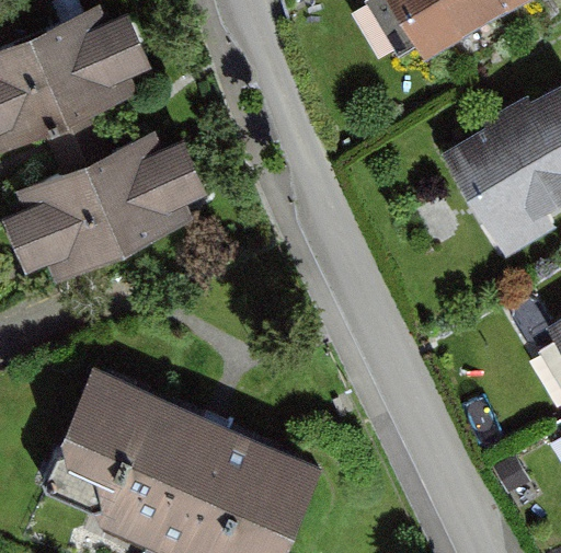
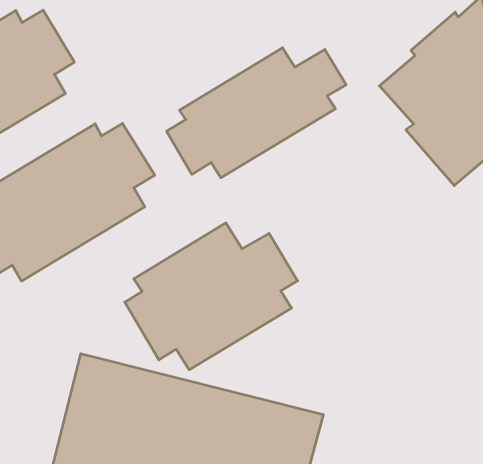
building: none -> [167,48,346,178]
building: none -> [125,223,298,370]

